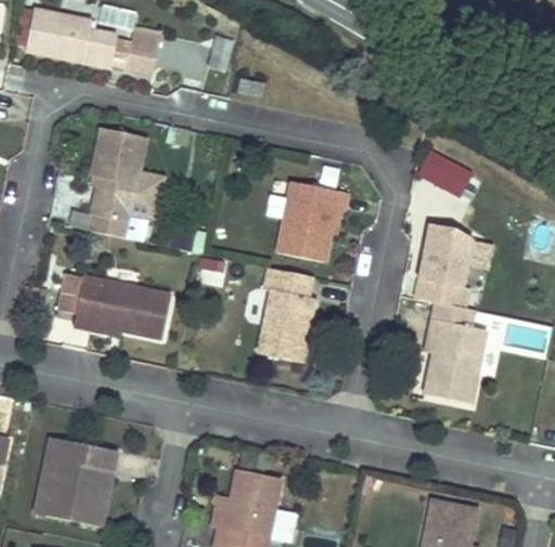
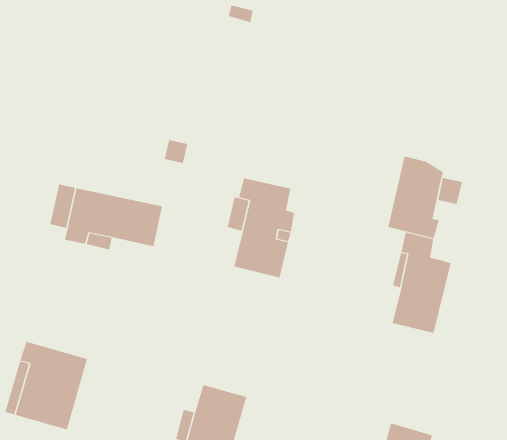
building: [96,130,155,234] -> none
building: [417,151,473,198] -> none
building: [274,171,341,251] -> none

